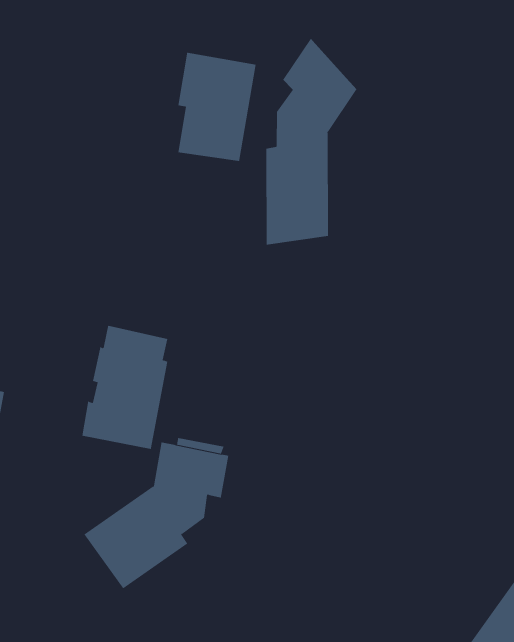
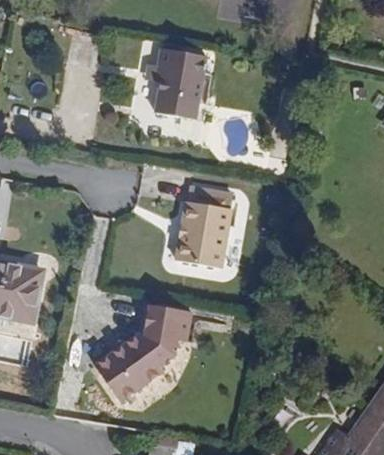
building: [266,38,357,245] -> none
building: [82,325,168,449] -> [175,187,232,269]

